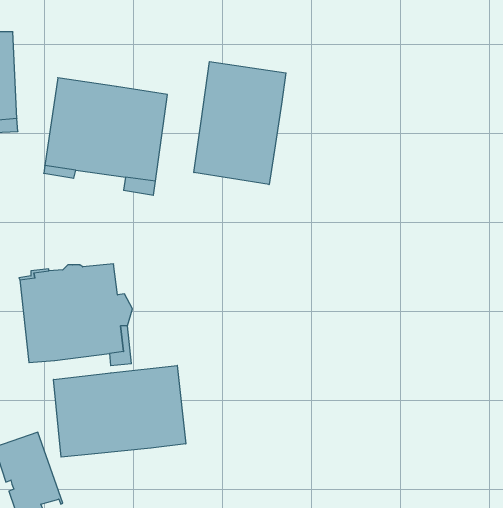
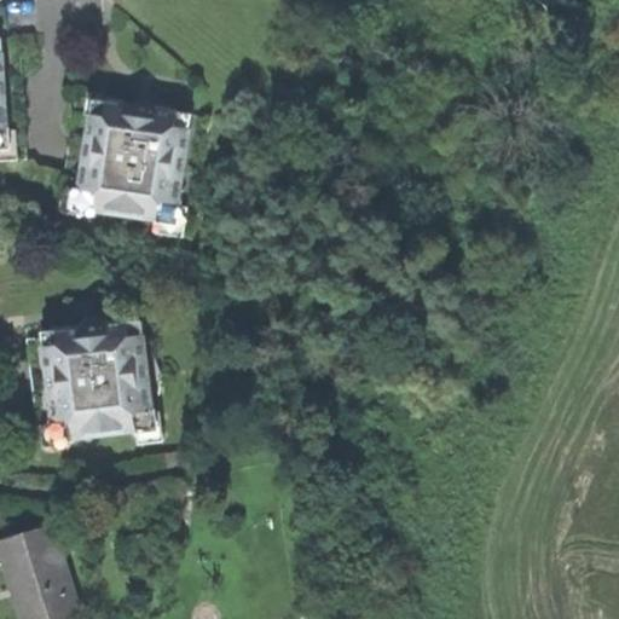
building: [194,62,286,185] -> none
building: [54,365,186,457] -> none

